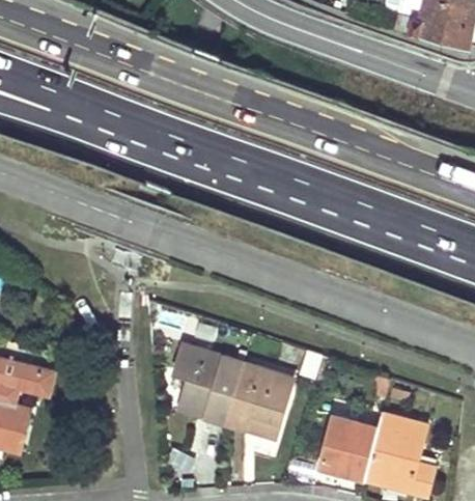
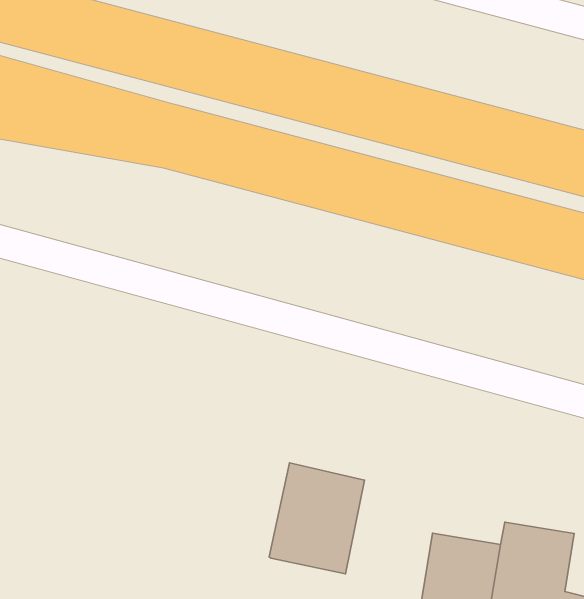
building: [175,344,245,423] -> none

